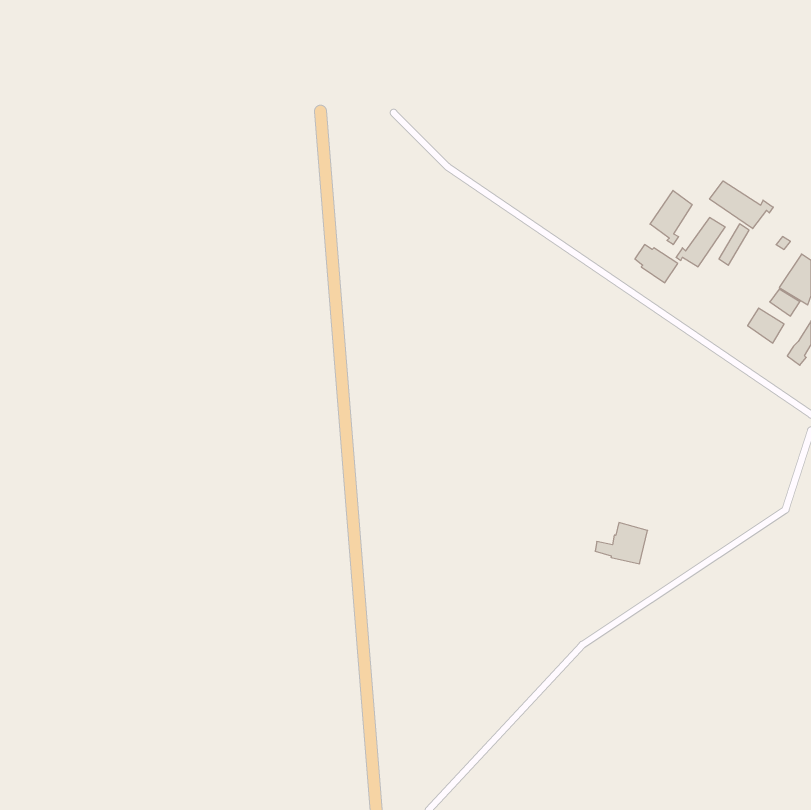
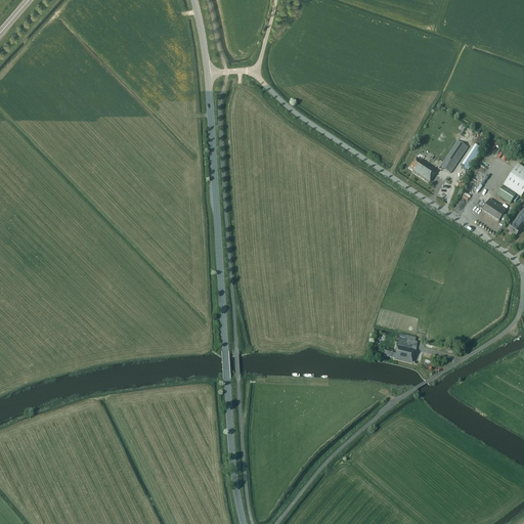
building: [710,181,773,229] -> none
building: [650,190,692,245] -> none

